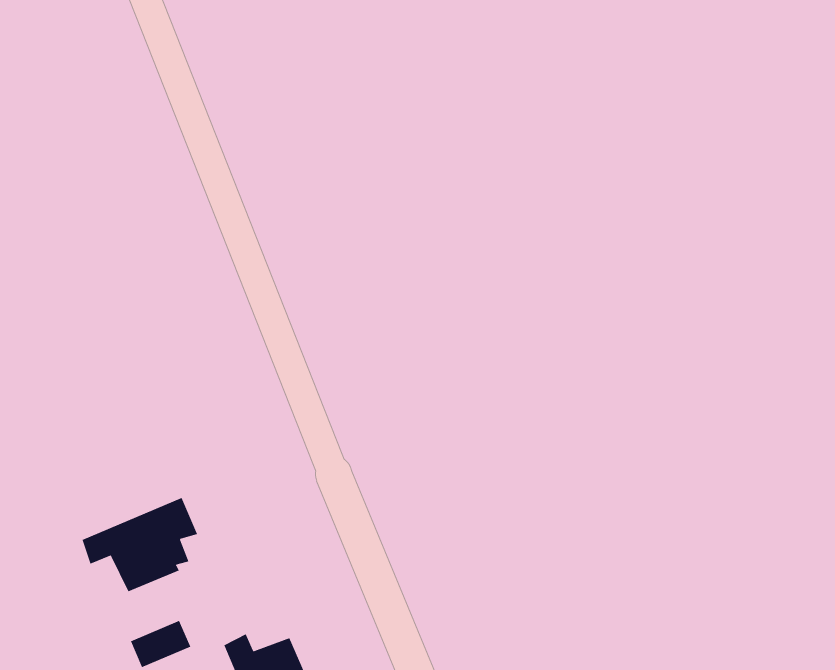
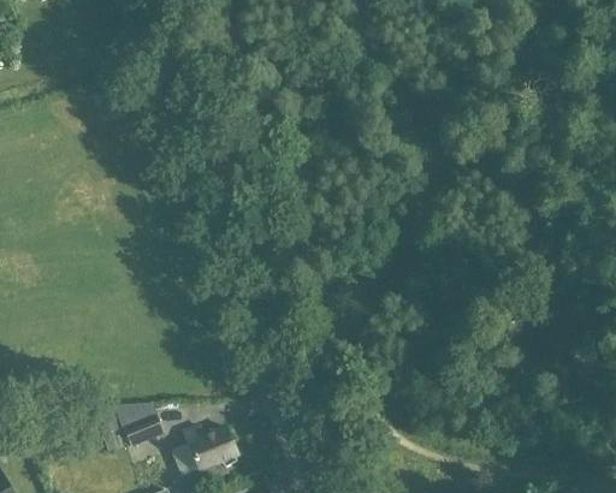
building: [82,497,198,592] -> none

